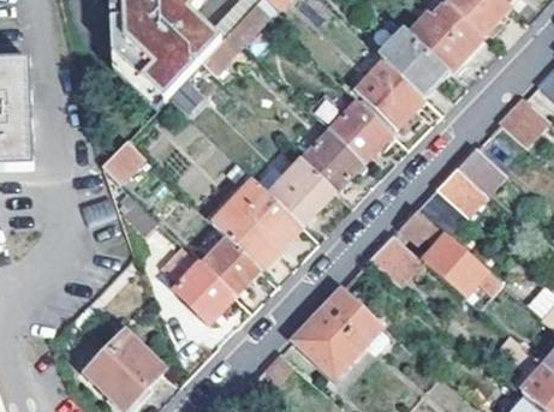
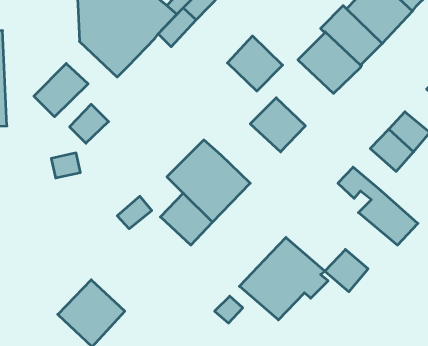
building: none -> [34,63,88,117]
building: [332,101,393,162] -> [227,36,283,91]
building: [270,160,336,226] -> none
building: [417,187,466,234] -> none
building: [371,233,419,280] -> [325,249,368,292]
building: [175,262,237,321] -> none

